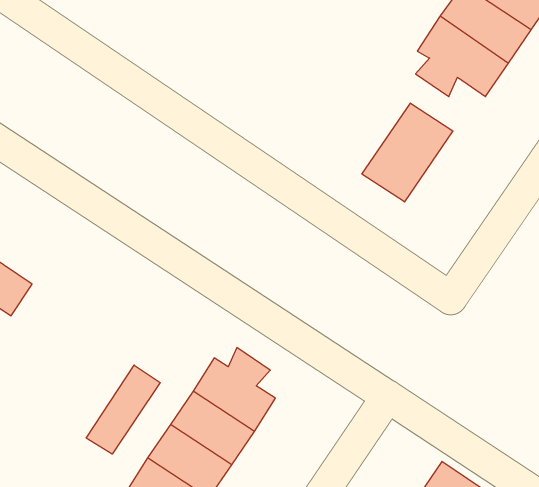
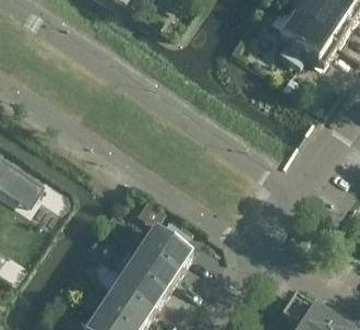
building: [362,103,453,202] -> none
building: [86,365,160,454] -> none

